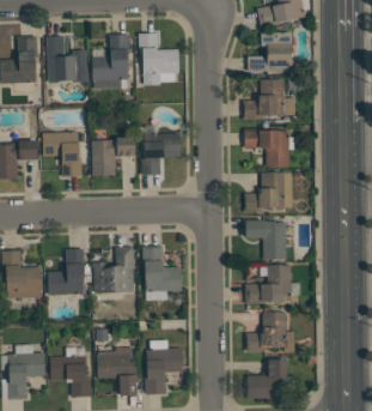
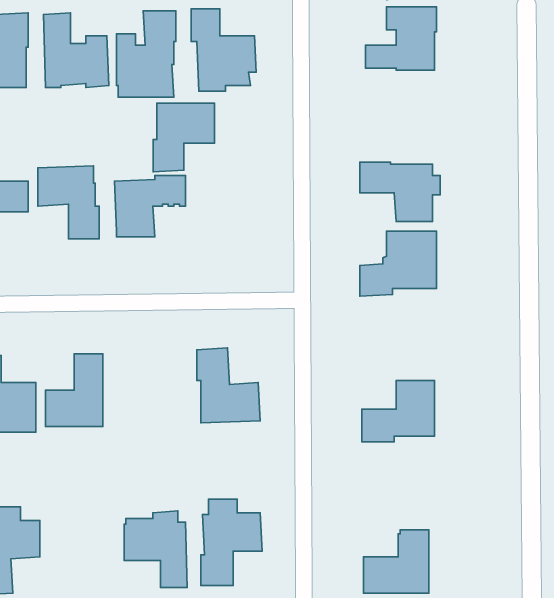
building: [243,79,295,120] -> none
building: [141,133,179,176] -> [153,103,214,172]
building: [245,220,286,260] -> none
building: [93,247,133,294] -> none
building: [245,313,294,353] -> none
building: [50,347,91,397] -> none

